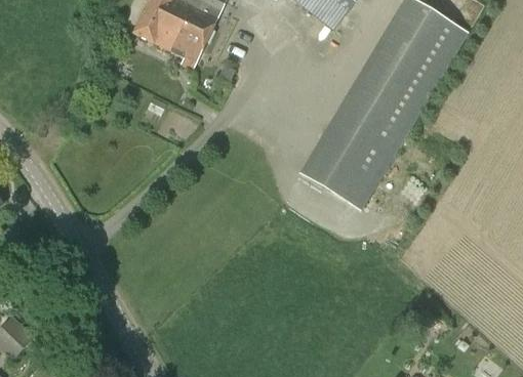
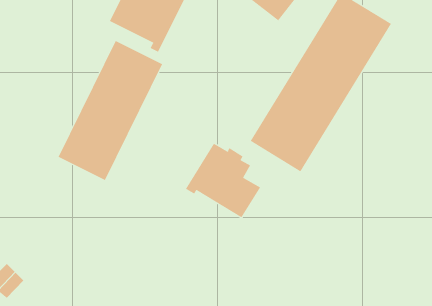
building: none -> [58,40,163,181]
building: none -> [185,143,261,218]

